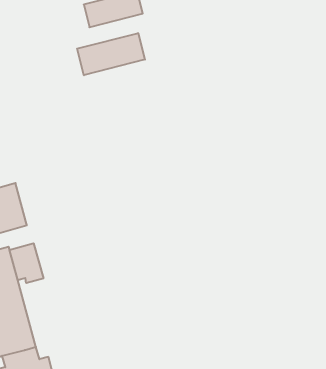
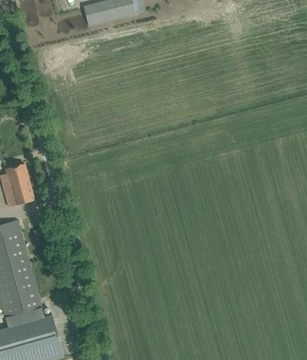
building: [77,33,145,75] -> none
building: [10,243,43,283] -> none

